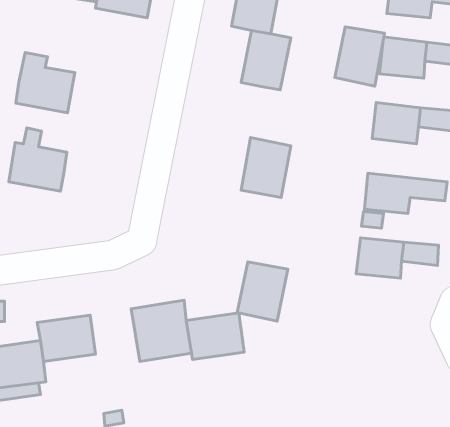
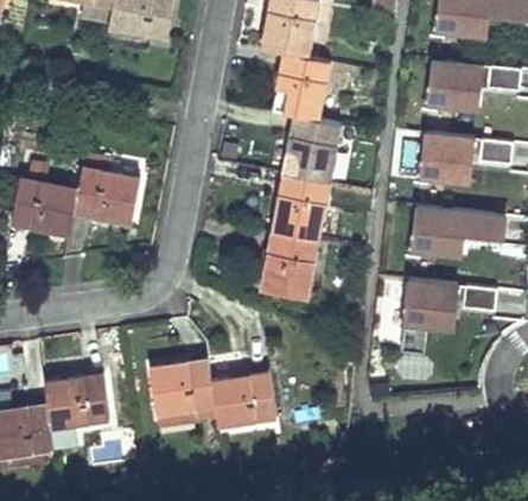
building: [335,27,384,86] -> [282,115,338,182]
building: [16,53,75,113] -> [72,156,139,223]
building: [237,262,288,321] -> [260,232,317,298]

